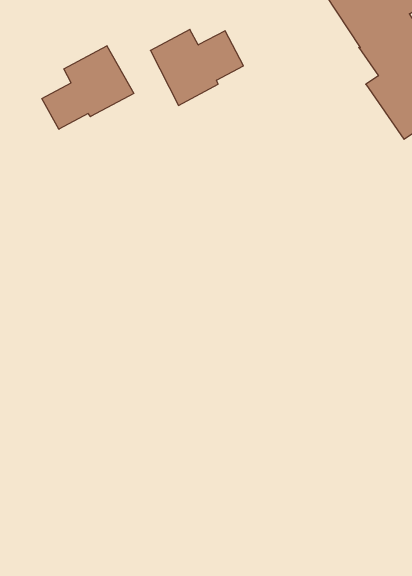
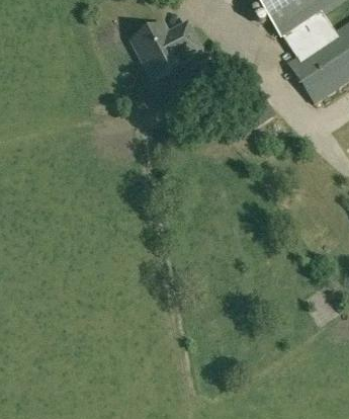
building: [42,46,134,129] -> none

